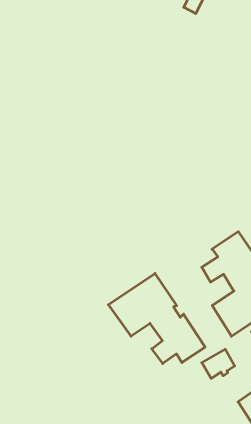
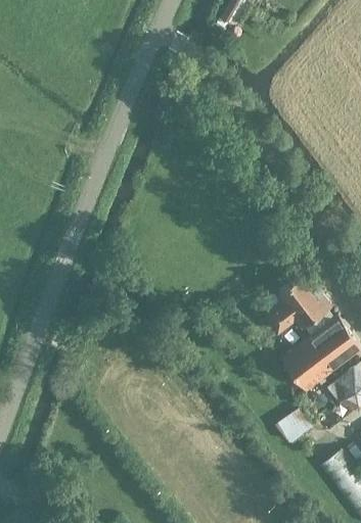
building: [108,273,205,364] -> none

